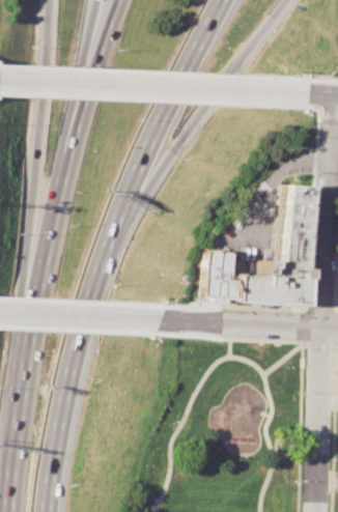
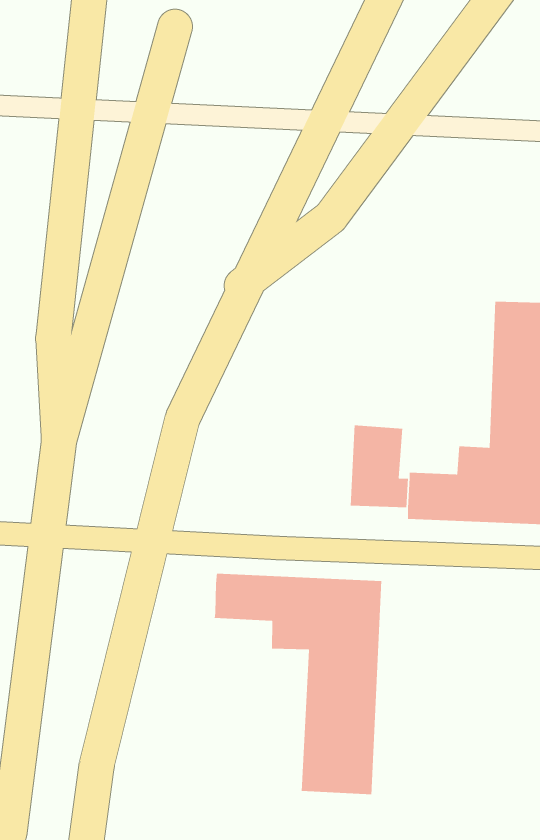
building: none -> [214,573,382,795]

